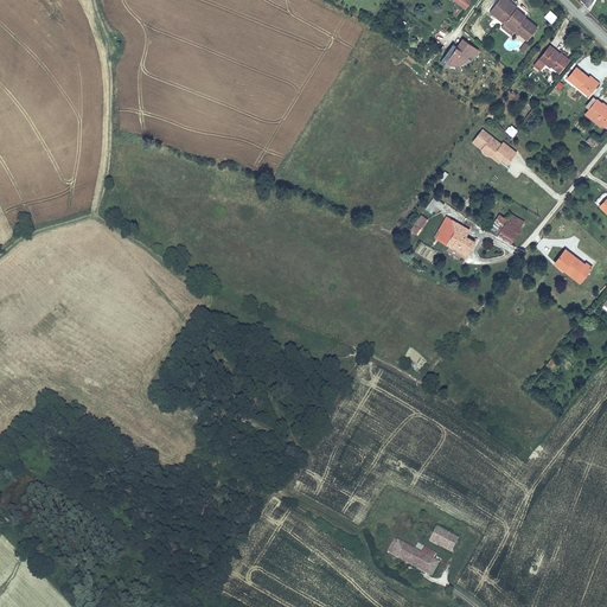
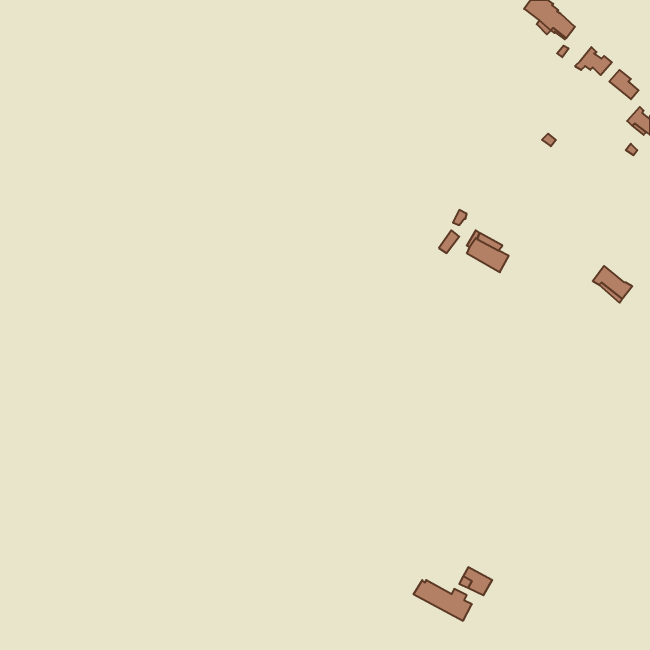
building: [440,39,479,66] -> none
building: [471,129,517,166] -> none
building: [490,212,522,241] -> none

